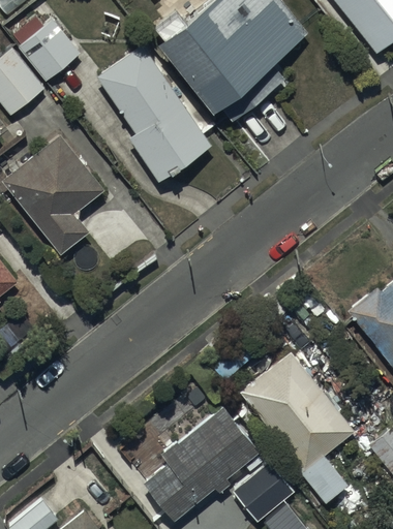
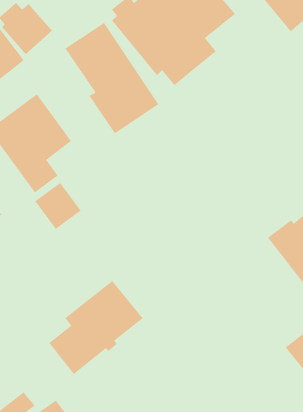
building: none -> [35,182,82,230]
building: [240,349,358,501] -> none
building: [144,405,262,523] -> [49,280,143,375]
building: [233,463,295,523] -> none

